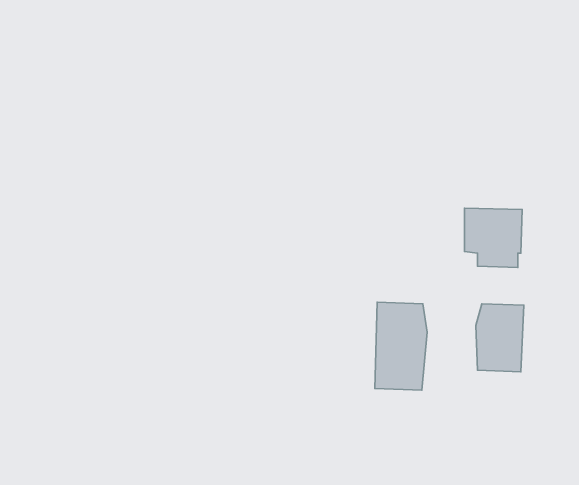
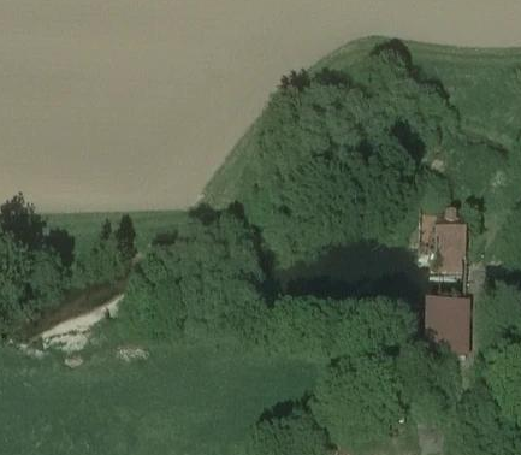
building: [375,302,427,390] -> none

